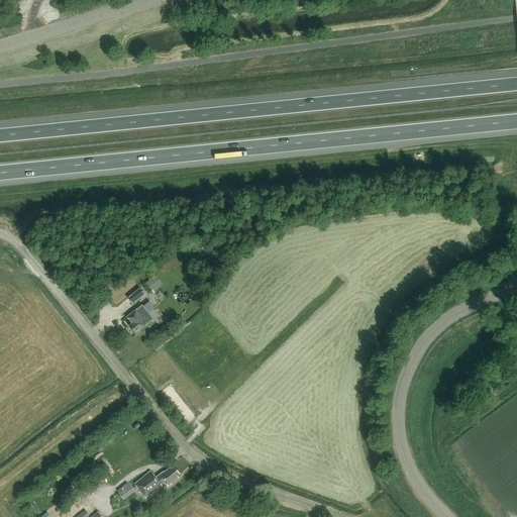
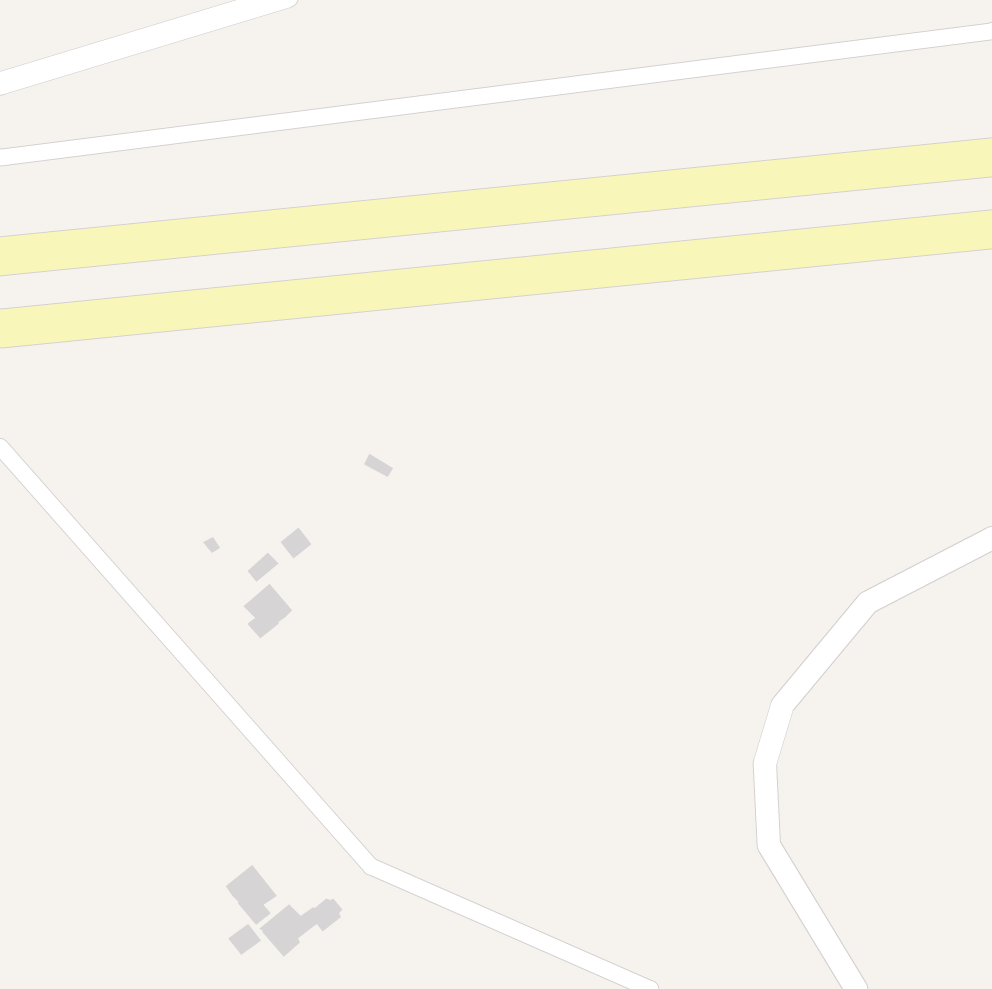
building: none -> [225,864,278,926]

